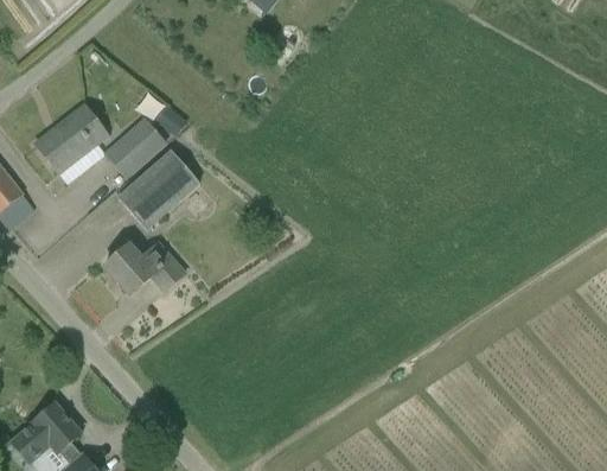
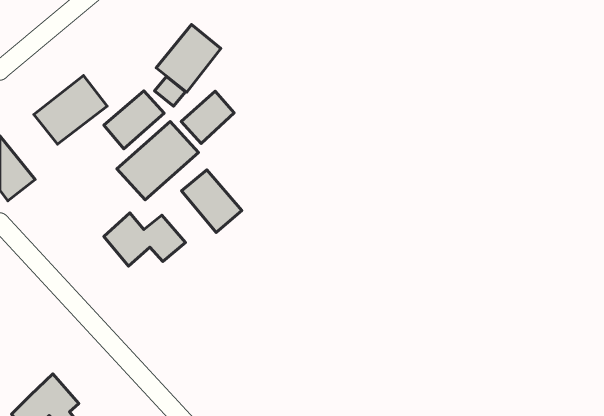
building: none -> [156,24,221,92]
building: none -> [181,91,234,143]
building: none -> [181,170,242,232]

